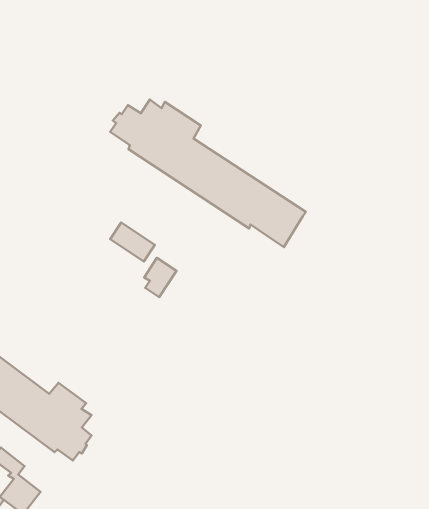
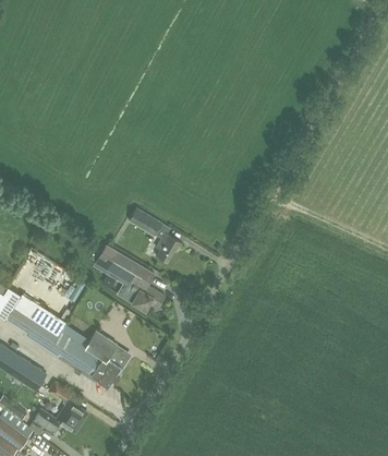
building: [110,100,306,247] -> none
building: none -> [99,245,166,310]

